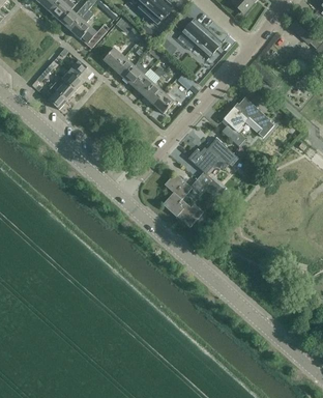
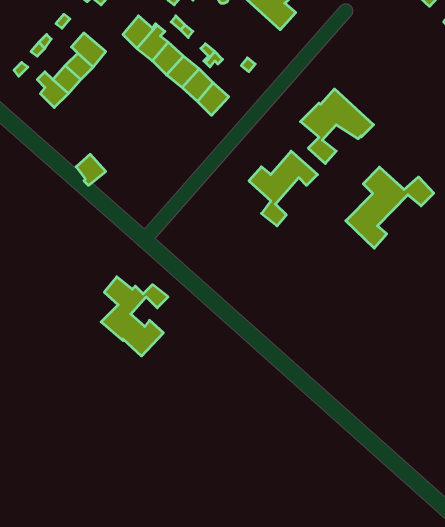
building: none -> [346,167,434,248]
building: [162,174,206,227] -> [101,277,168,356]

